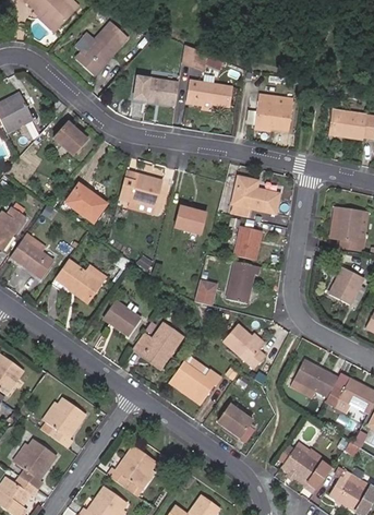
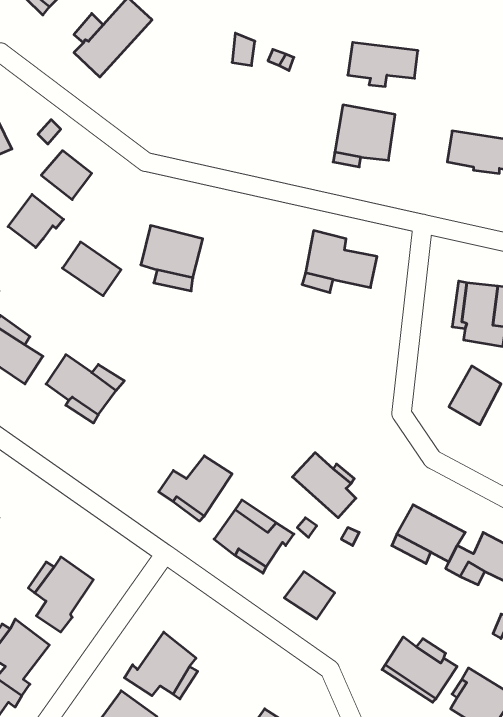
building: [134,73,179,100] -> none
building: [185,81,232,110] -> [348,42,418,86]
building: none -> [8,194,64,248]
building: [172,206,205,238] -> none
building: [230,225,260,260] -> none
building: [226,262,258,303] -> none
building: [194,279,219,307] -> none
building: [101,300,138,336] -> none

